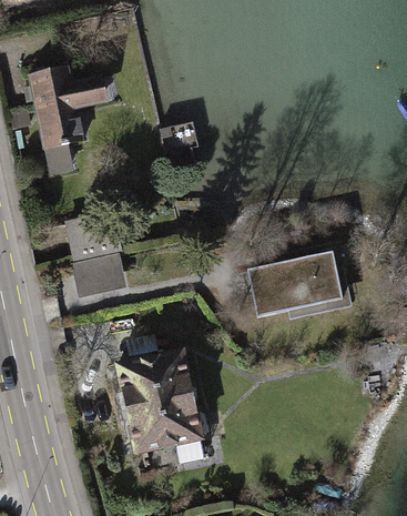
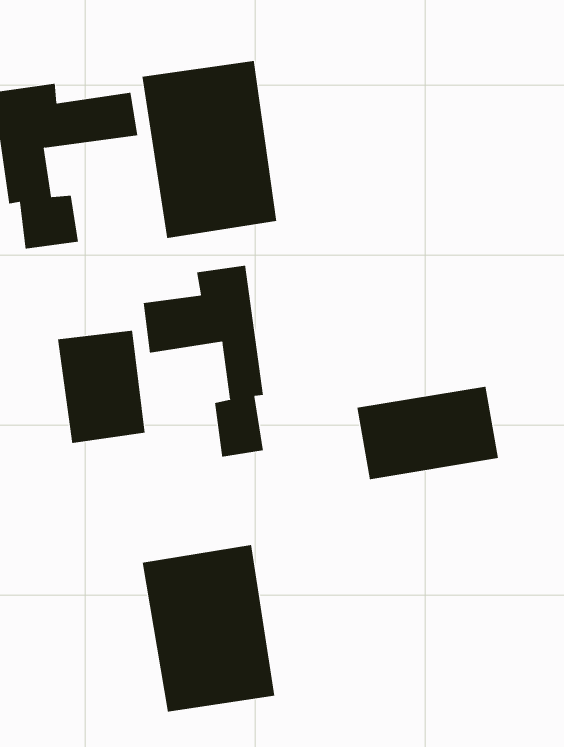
building: none -> [142,60,277,239]
building: none -> [143,265,264,457]

